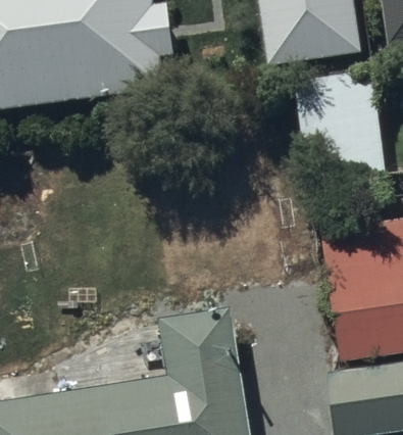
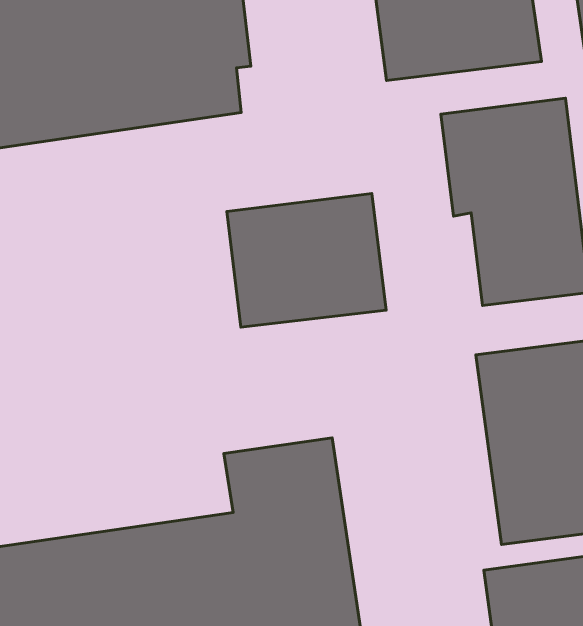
building: none -> [227,193,386,327]

